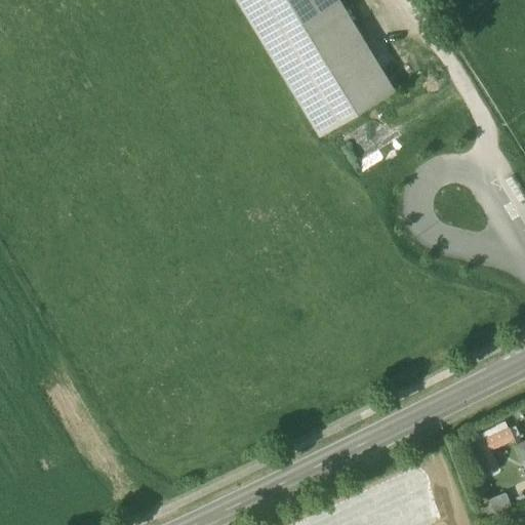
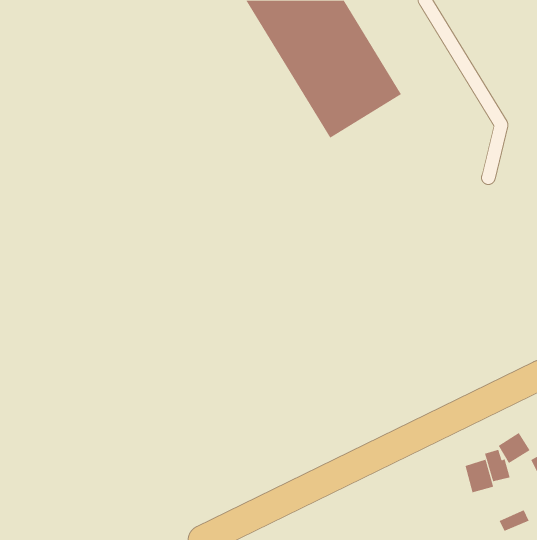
building: none -> [465,459,494,493]

